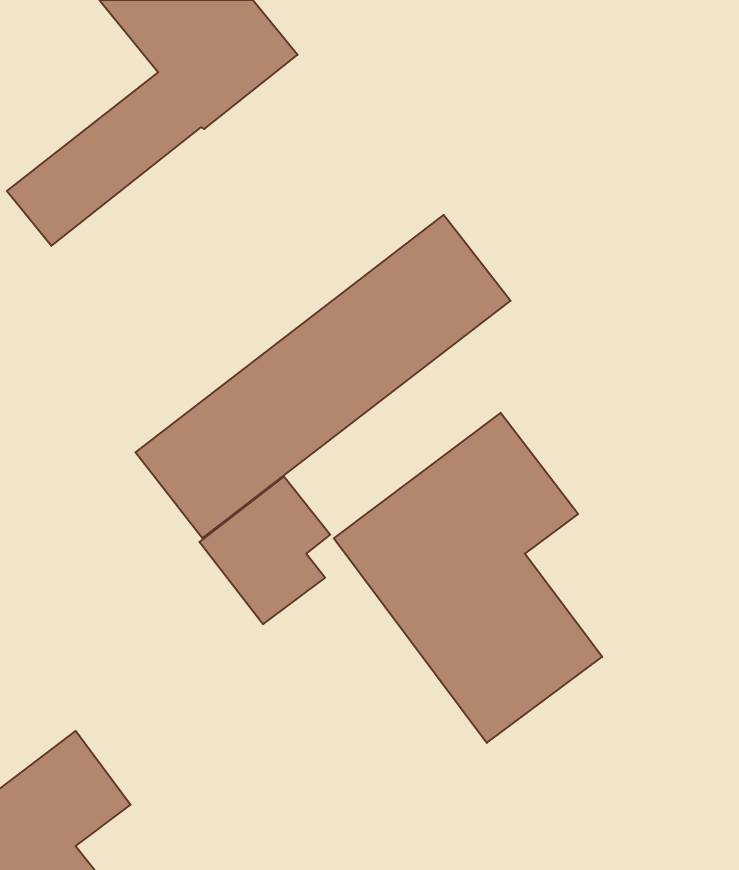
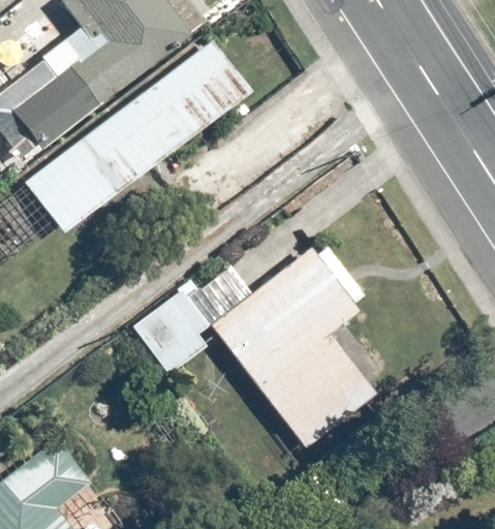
building: [135,215,511,538] -> [25,38,250,232]

